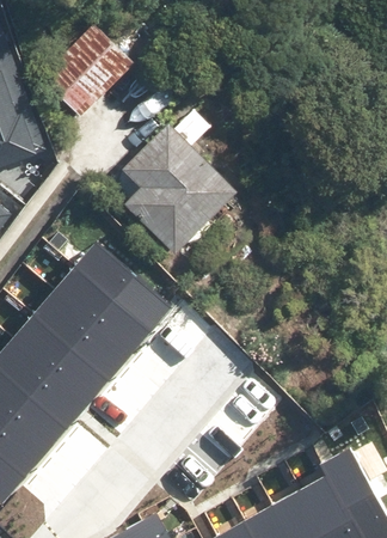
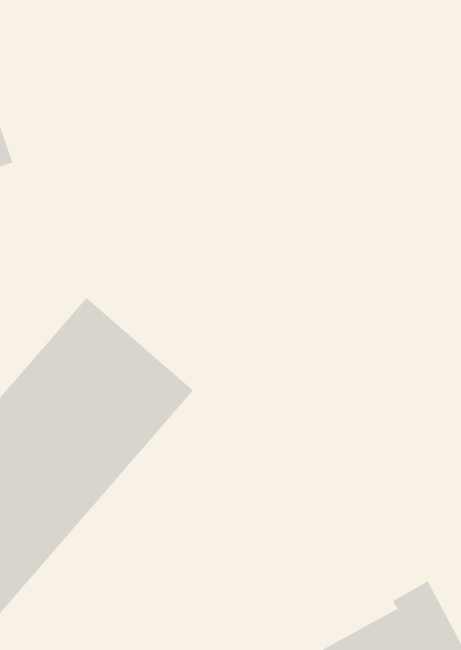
building: [39,25,134,121] -> none
building: [121,124,239,258] -> none

